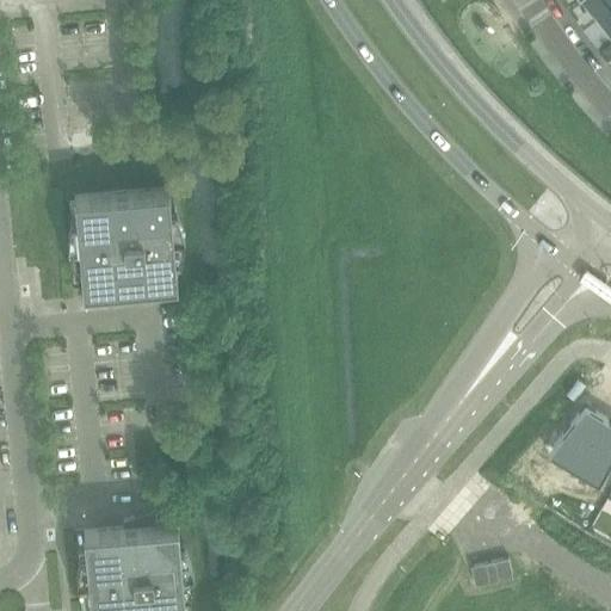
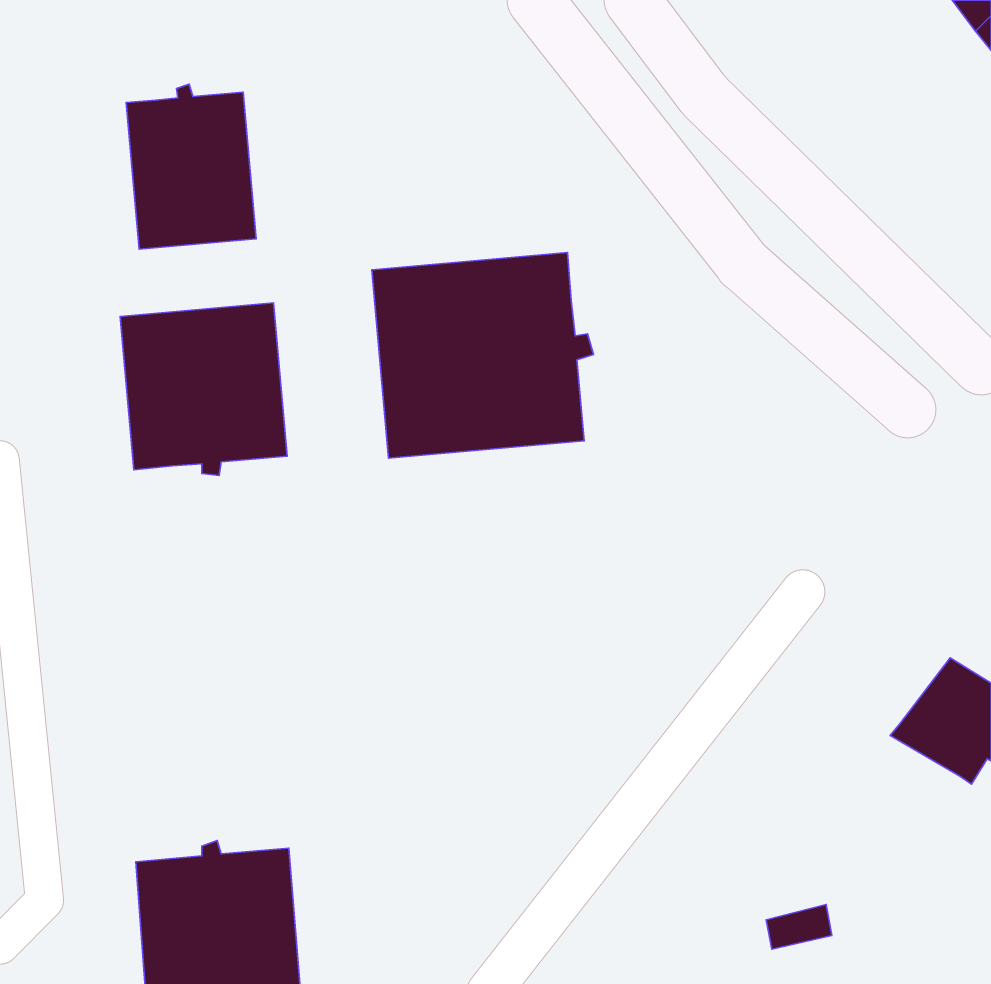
building: none -> [126,84,256,249]
building: none -> [372,253,594,458]

